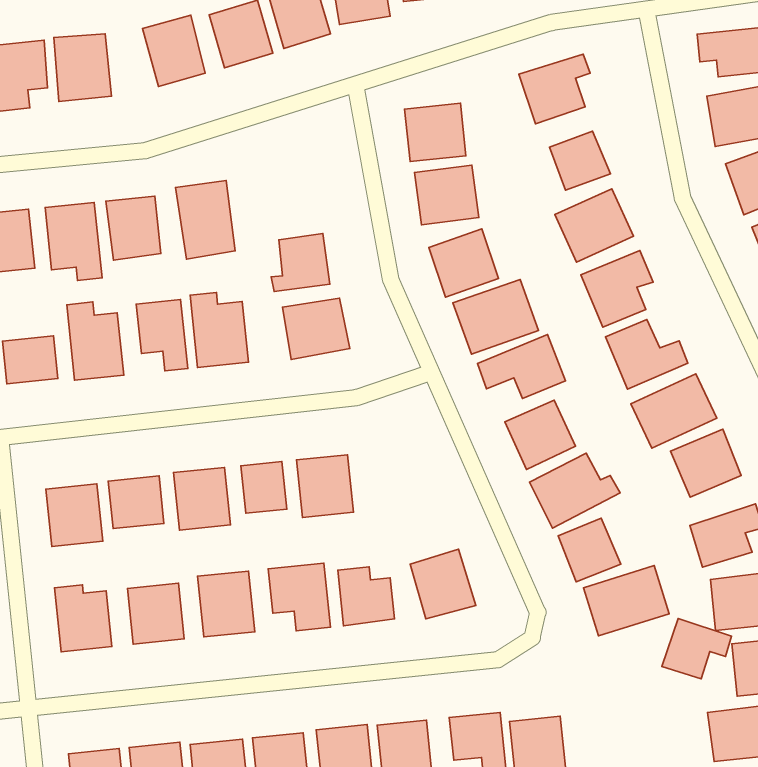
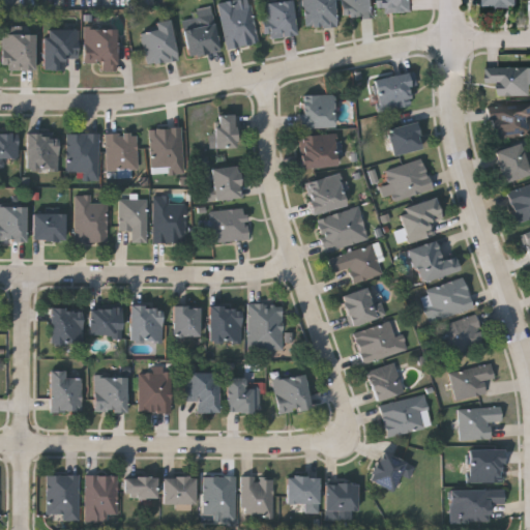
building: none -> [215,114,235,148]
building: none -> [248,304,283,350]
building: [662,618,732,679] -> [370,451,415,491]

